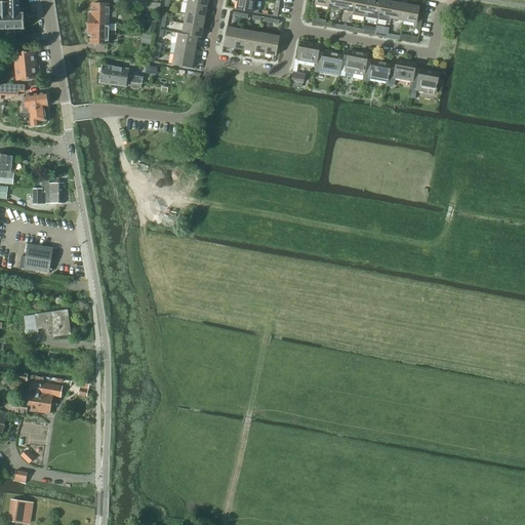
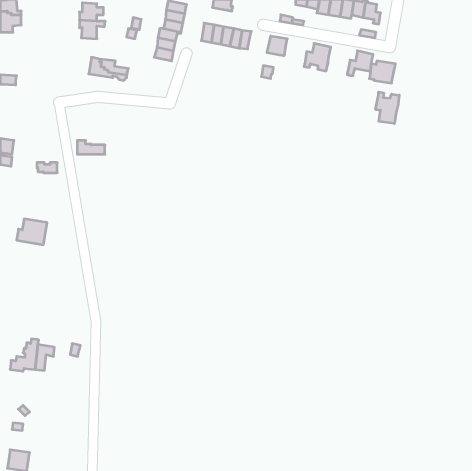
building: [13,49,39,79] -> none
building: [314,50,341,74] -> none
building: [362,58,390,82] -> none
building: [22,91,47,125] -> none
building: none -> [376,92,399,124]
building: [33,187,64,202] -> [77,140,105,154]
building: [35,311,70,334] -> none

